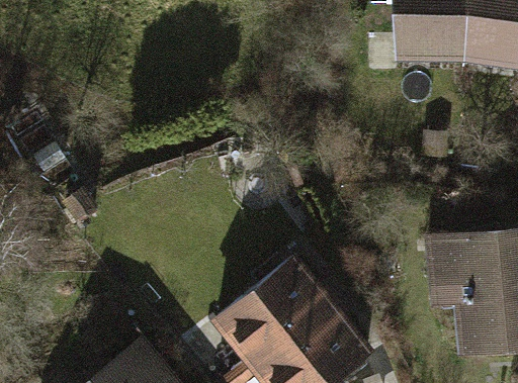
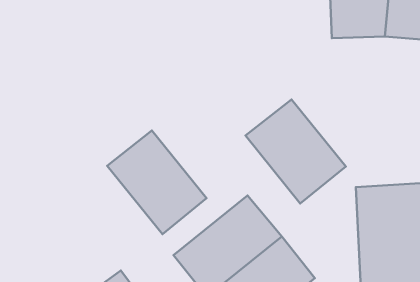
building: none -> [246,99,346,203]
building: none -> [107,131,207,234]

